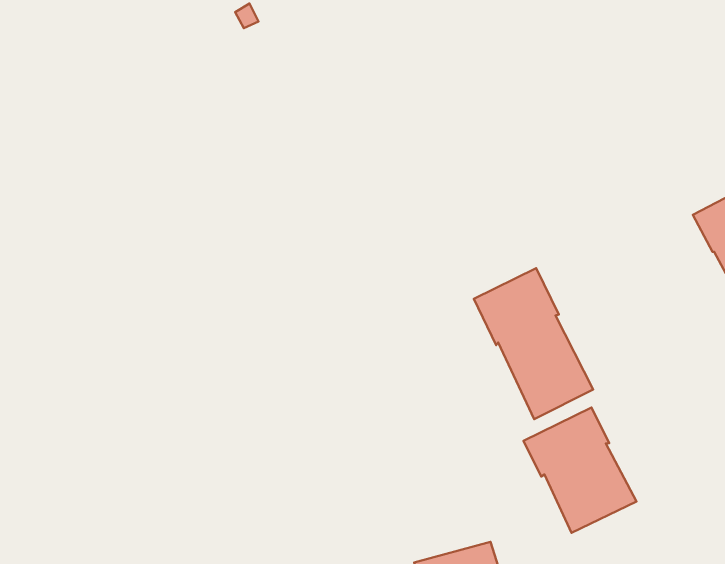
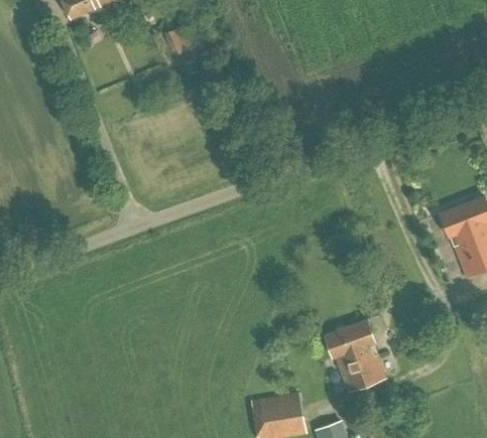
building: [474,268,593,419] -> none

